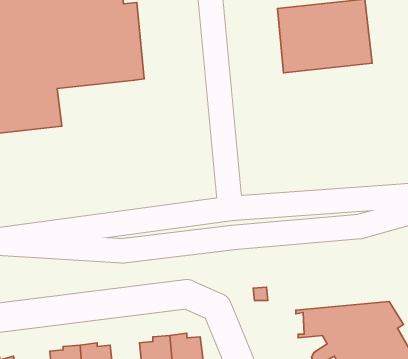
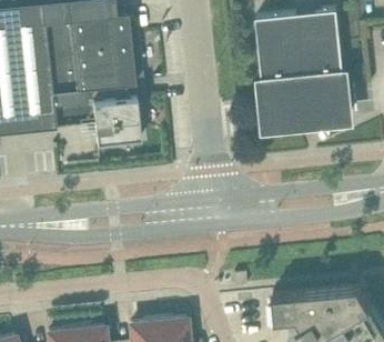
building: none -> [263,70,350,129]
building: none -> [55,86,142,147]

